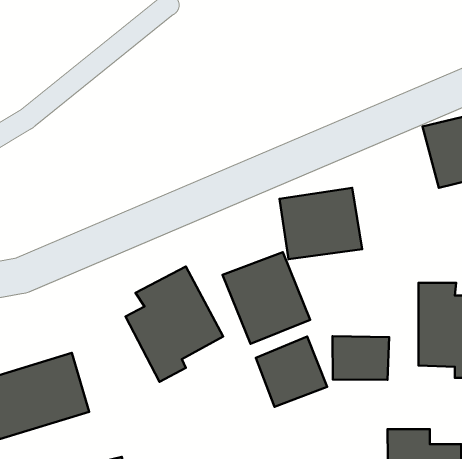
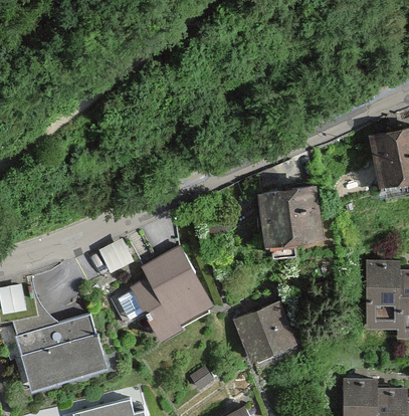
building: [222,252,310,344] -> none
building: [332,336,389,380] -> none

